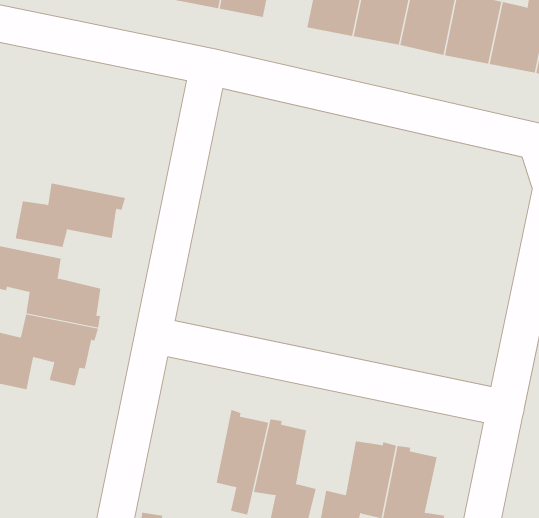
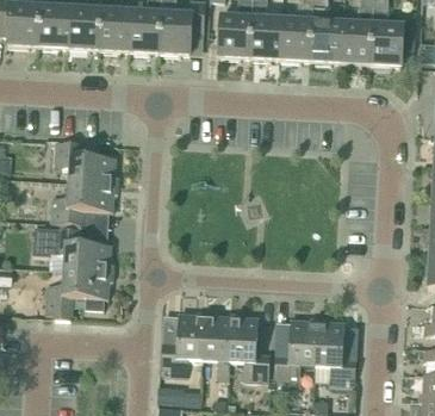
building: none -> [54,141,118,185]
building: none -> [160,311,206,375]

